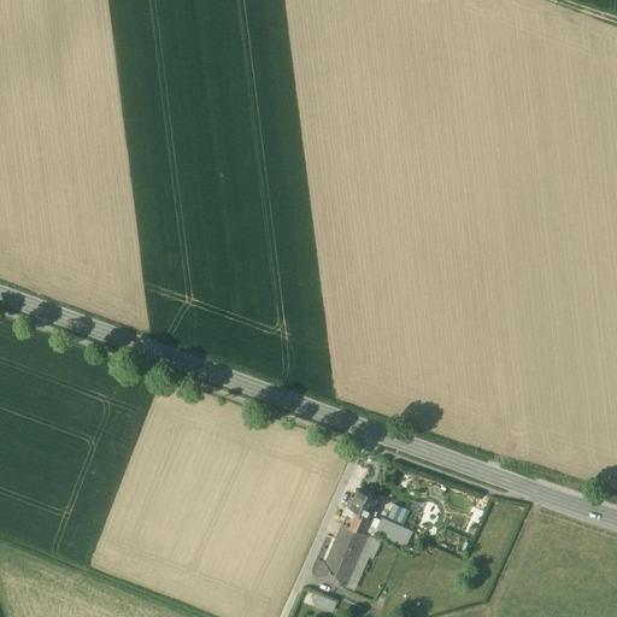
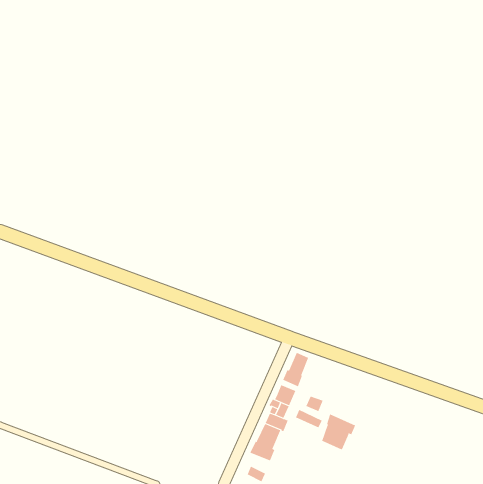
building: none -> [283,352,309,387]
building: none -> [321,414,356,450]

